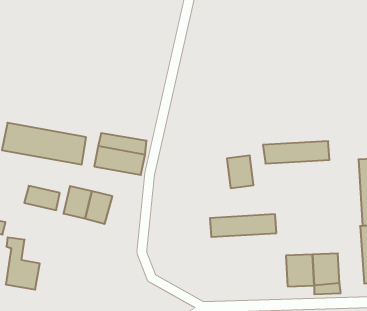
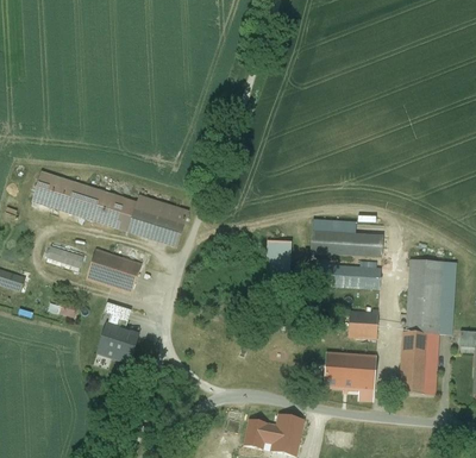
building: none -> [349,310,378,337]
building: [210,214,276,237] -> [309,263,381,288]
building: [6,237,40,290] -> [99,302,138,362]

